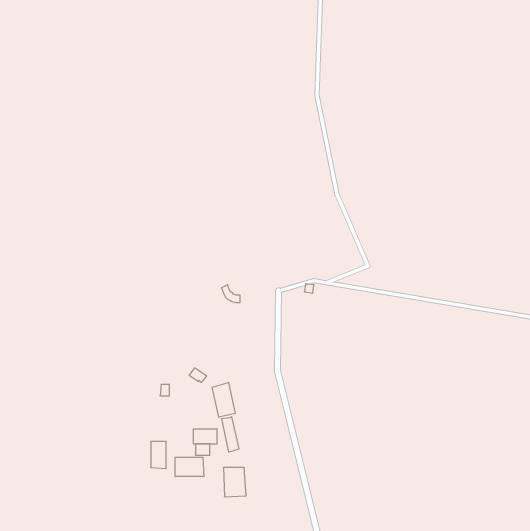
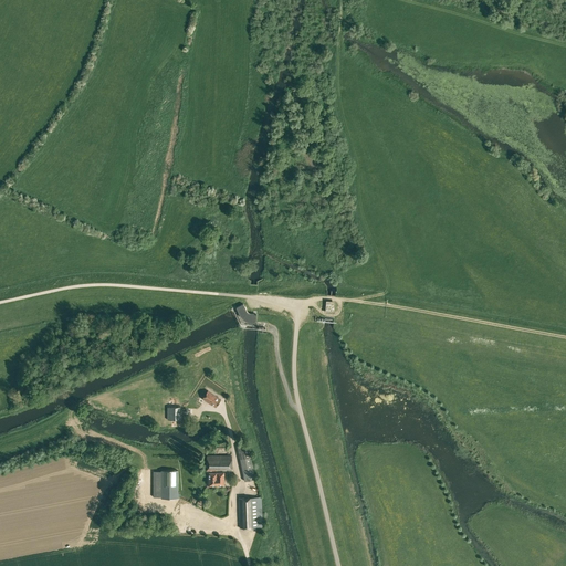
building: [212,382,235,417] -> none
building: [175,457,204,477] -> none

